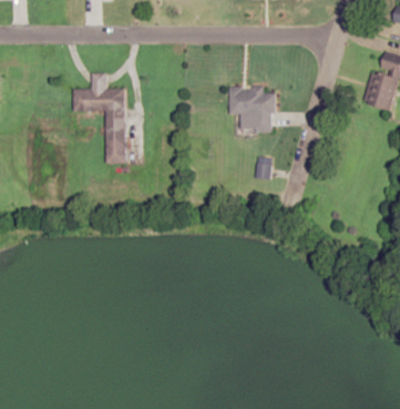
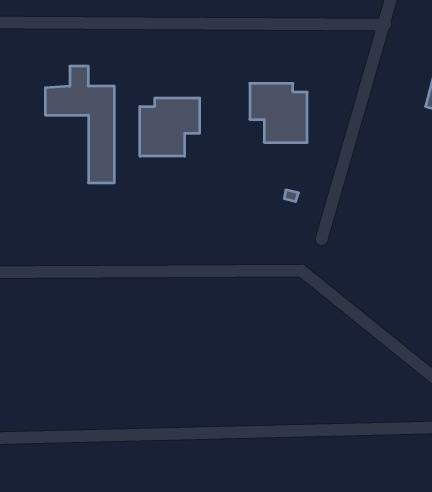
building: none -> [140,98,200,156]

